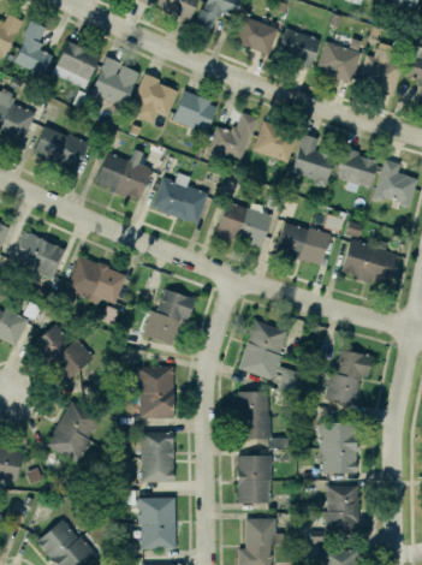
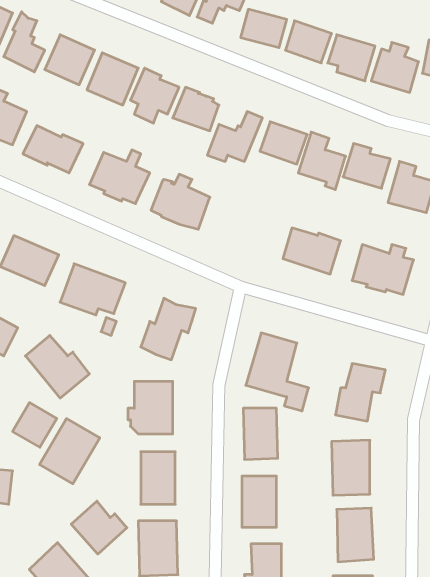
building: [216,201,273,248] -> none
building: none -> [13,403,57,447]
building: none -> [71,501,127,554]

